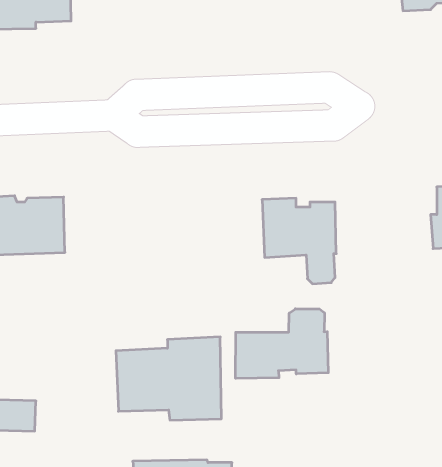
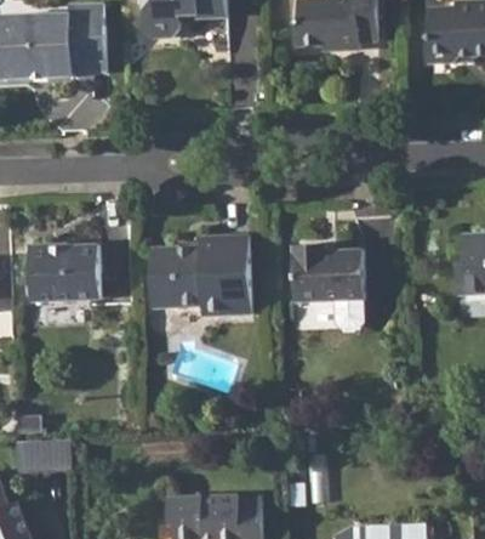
building: [236,309,328,378] -> none
building: [116,337,221,420] -> [150,236,252,316]

